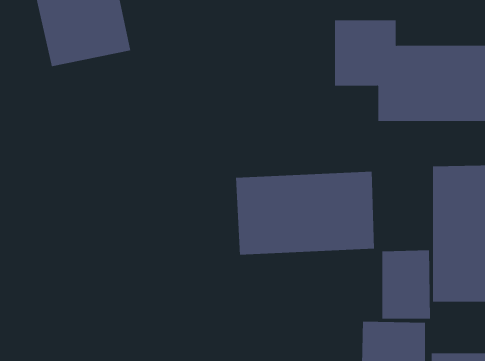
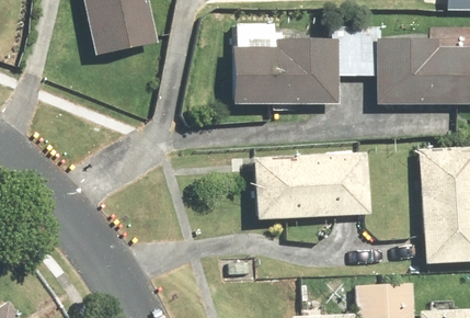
building: none -> [231,20,333,110]
building: [382,249,430,319] -> none

